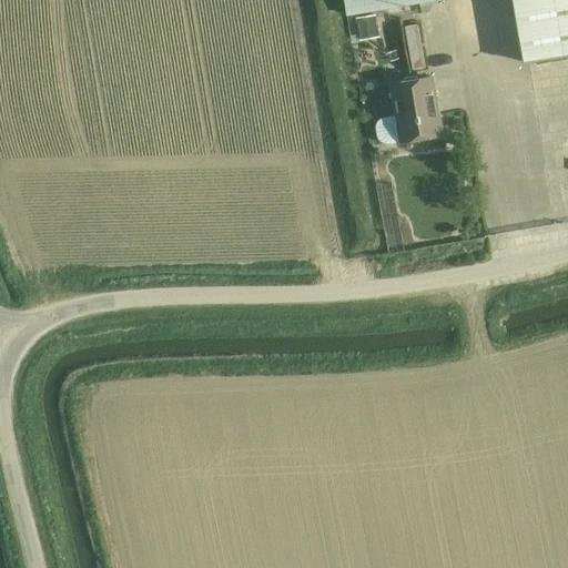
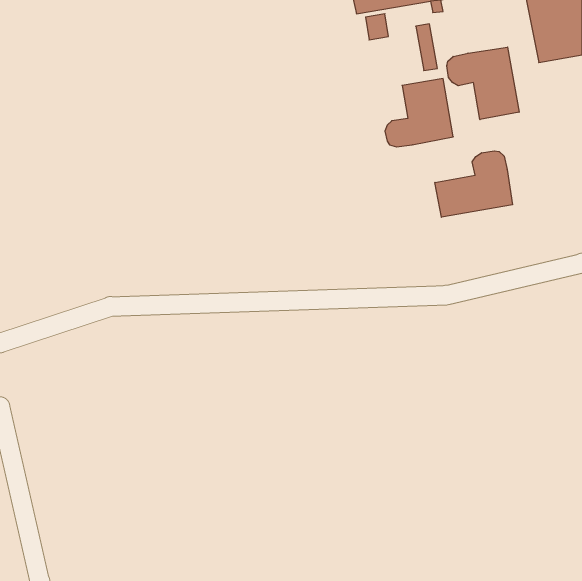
building: none -> [447,47,519,120]
building: none -> [435,151,512,217]

